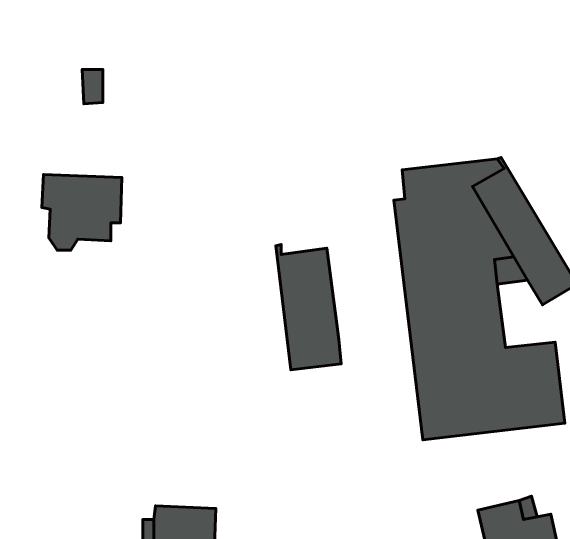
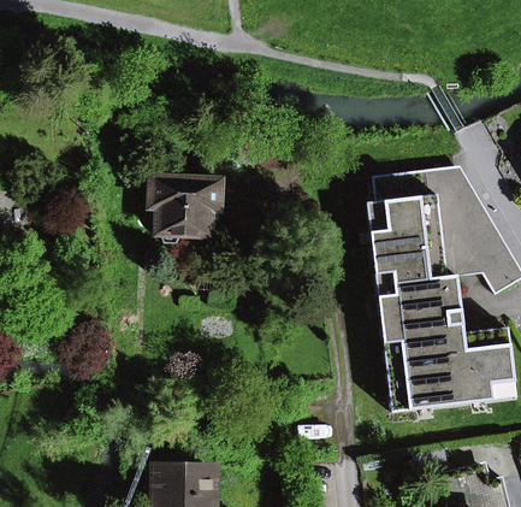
building: [42,175,122,250] -> [150,177,220,243]
building: [276,245,341,370] -> none

